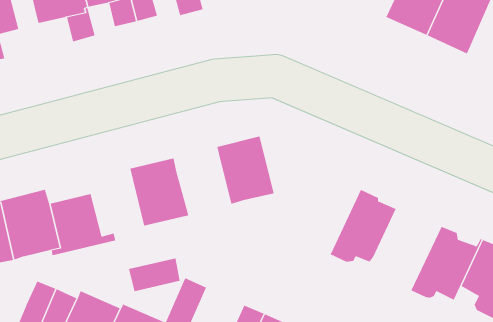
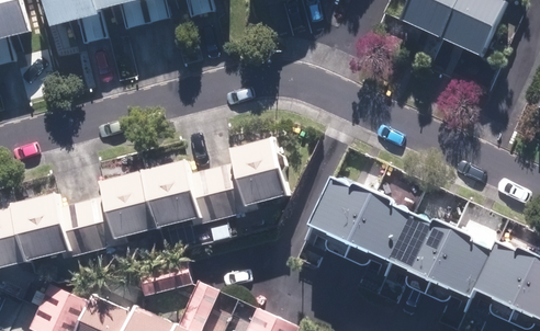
building: none -> [190,163,259,226]
building: none -> [99,171,156,239]
building: none -> [307,176,374,258]
building: none -> [387,212,455,294]

